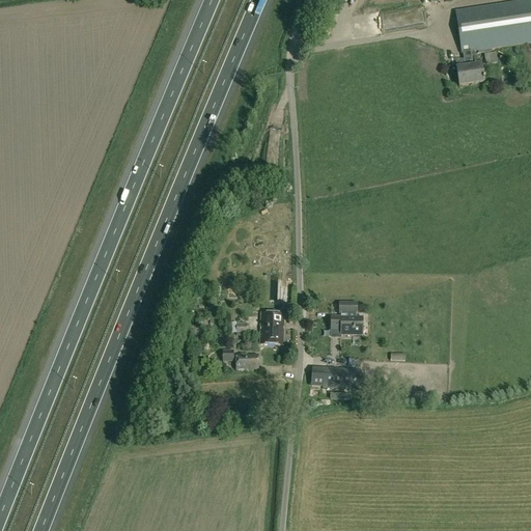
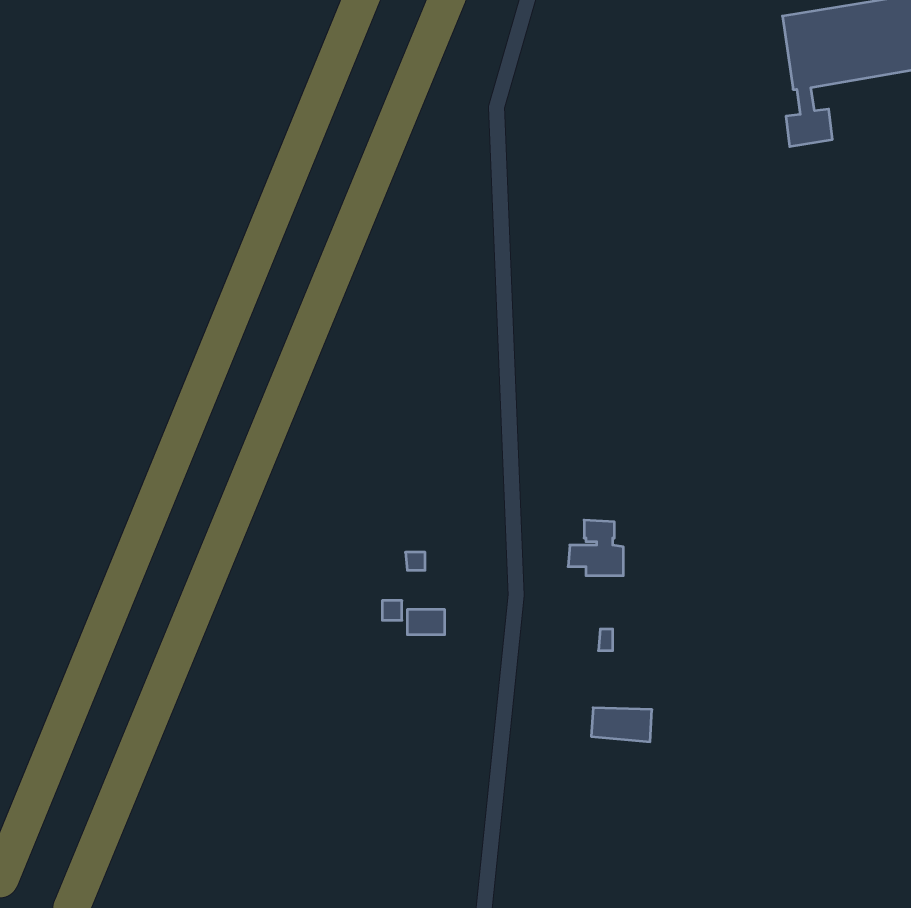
building: [260,311,284,343] -> none
building: [311,368,346,388] -> [591,708,652,742]

